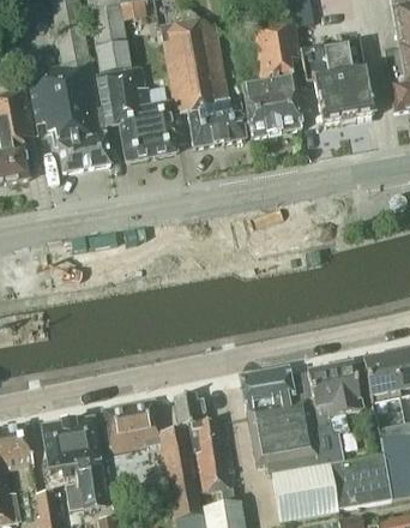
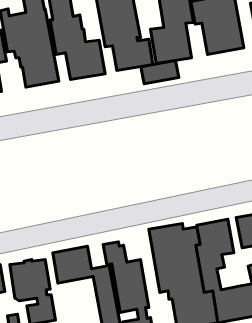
building: none -> [141,60,179,84]

